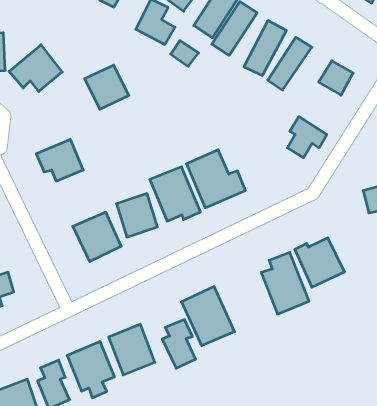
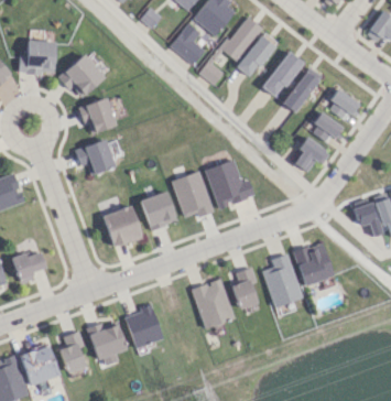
building: [85,65,129,109] -> [79,97,117,134]
building: none -> [311,112,340,143]
building: [162,320,196,368] -> [230,267,258,308]

